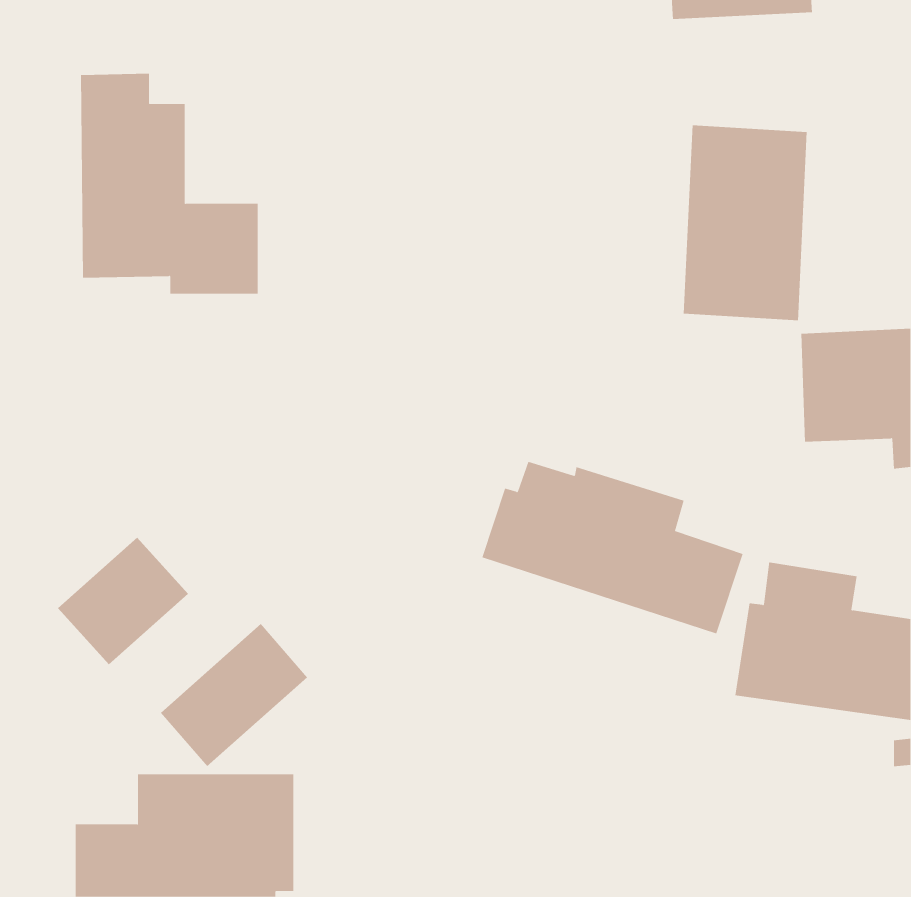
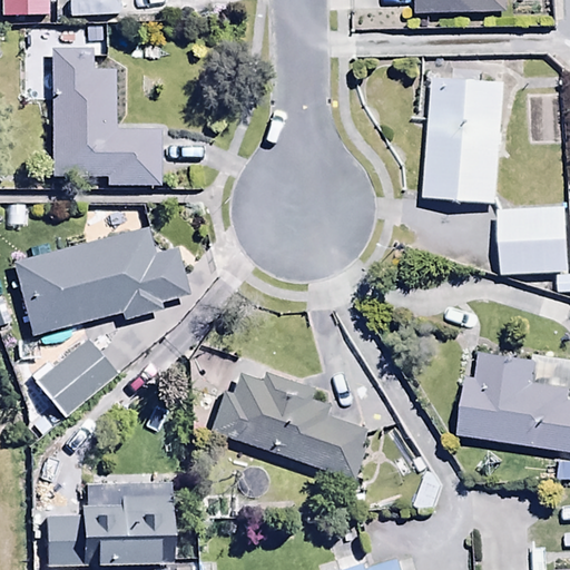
building: none -> [13,228,189,335]
building: [481,461,743,634] -> [208,372,372,480]
building: [160,623,308,767] -> none

